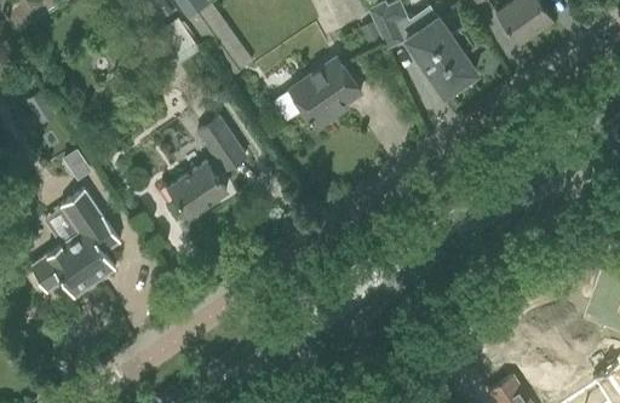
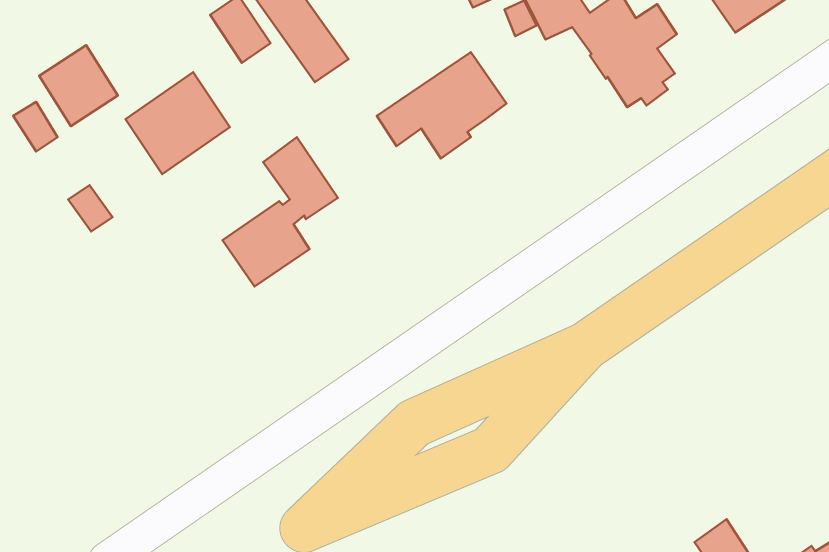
building: none -> [39,45,118,126]
building: none -> [126,72,230,174]
building: [29,190,120,298] -> none

